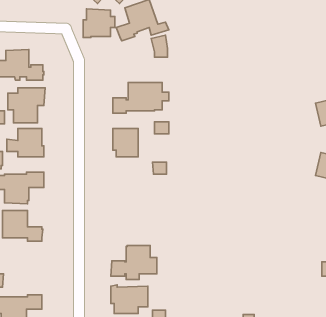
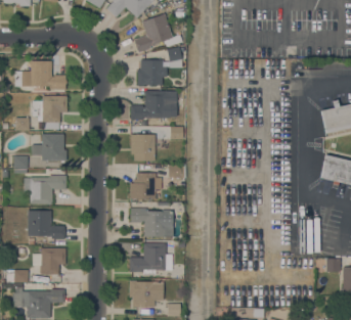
building: [83,9,115,37] -> [137,59,167,86]
building: none -> [130,173,162,199]
building: none -> [130,209,173,238]
building: none -> [34,247,65,275]

